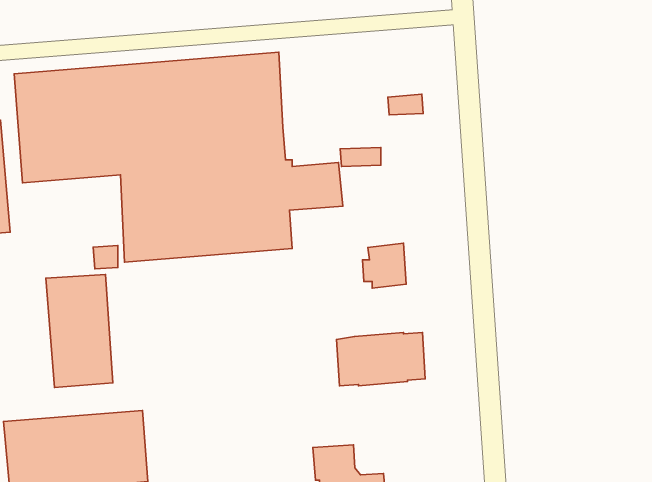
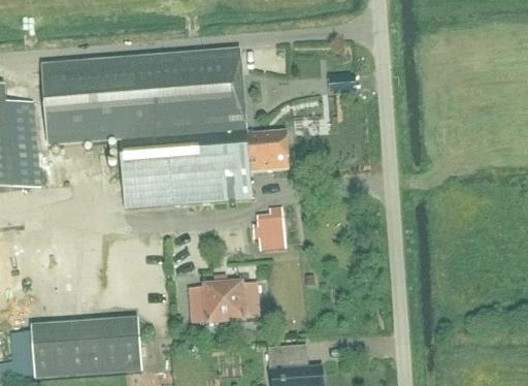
building: [363,243,406,288] -> [251,207,284,242]
building: [46,274,113,388] -> none
building: [337,333,425,386] -> [190,279,257,319]

